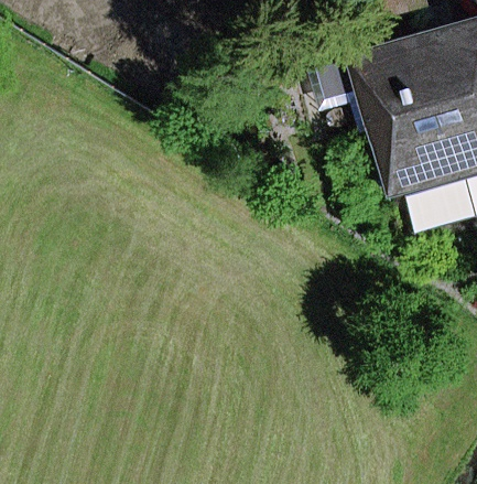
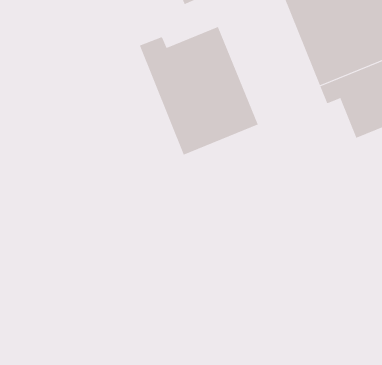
building: none -> [139,26,258,156]

